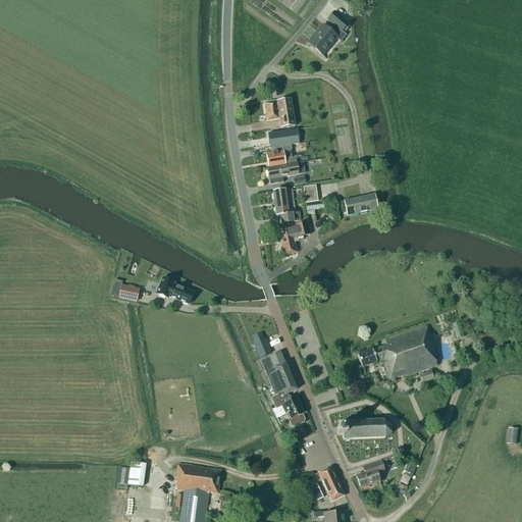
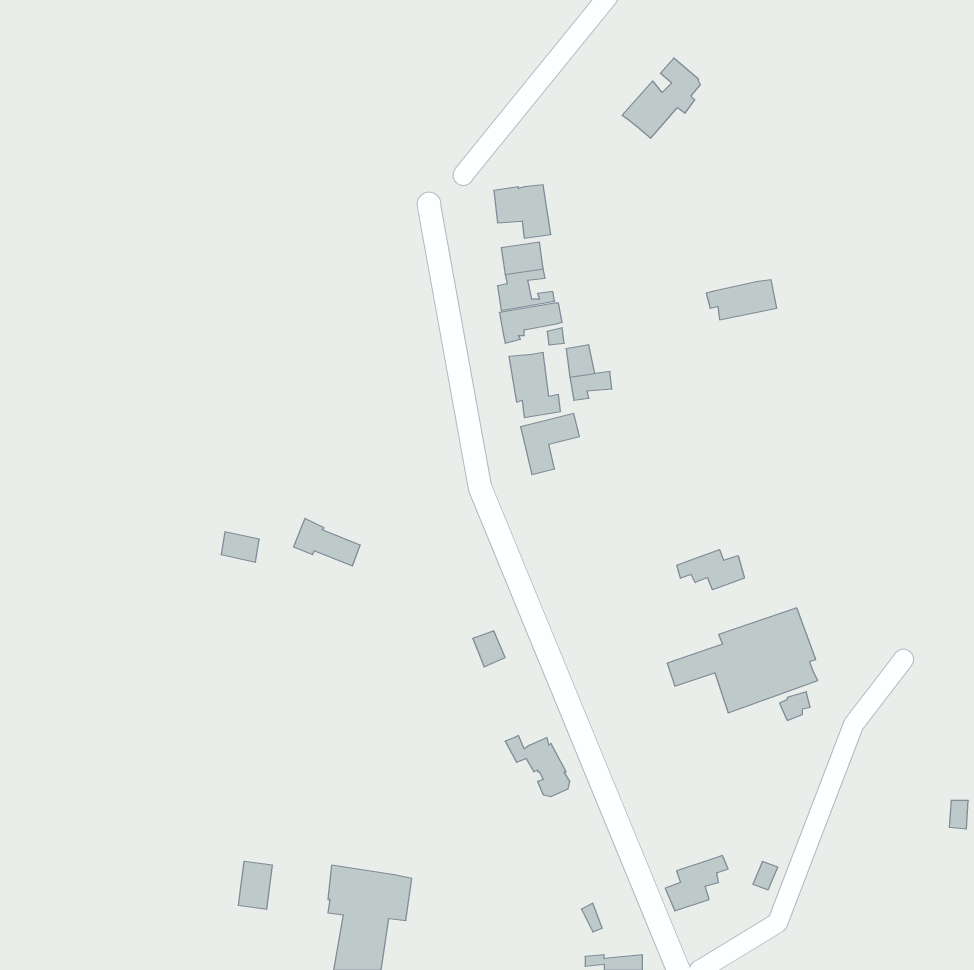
building: [307,11,349,54] -> [622,58,700,138]
building: [340,194,377,215] -> [706,280,777,320]
building: none -> [677,550,744,590]
building: [260,352,297,395] -> none
building: [337,419,392,438] -> none
building: [318,466,344,501] -> none

